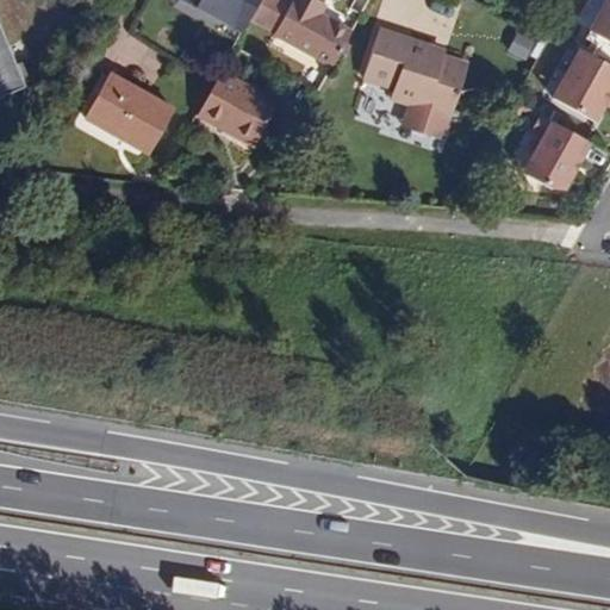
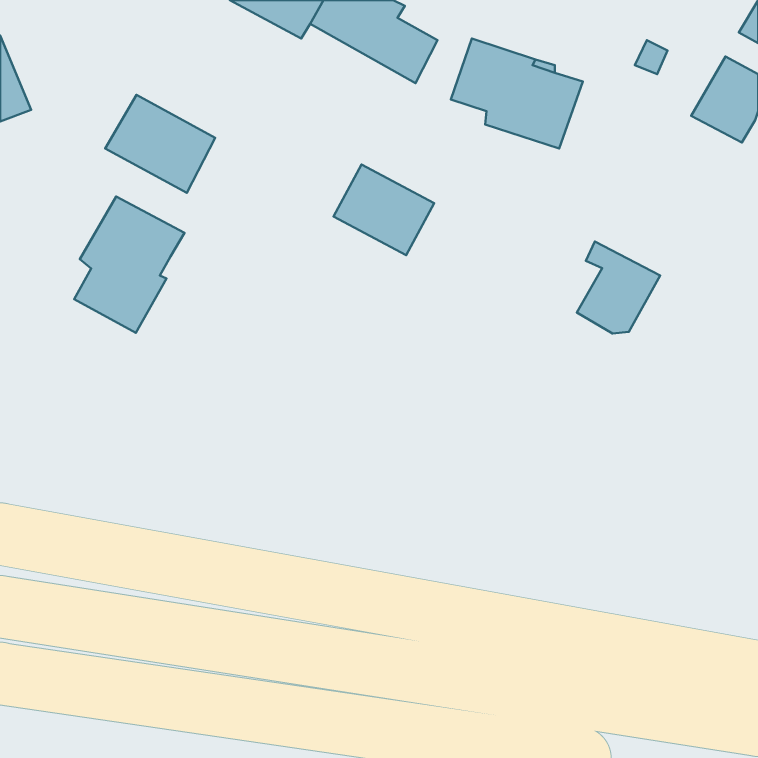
building: [197,74,278,147] -> [333,165,434,255]
building: [525,112,592,186] -> [577,241,660,333]
building: none -> [74,196,184,333]

